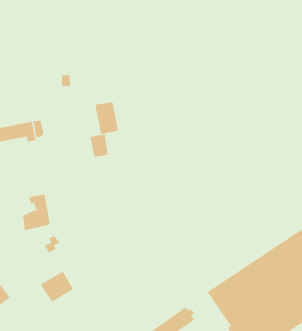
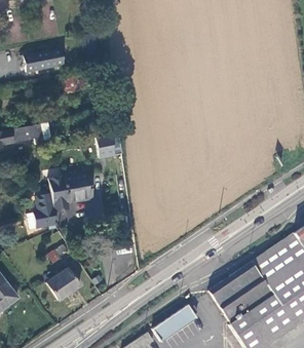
building: none -> [21,48,64,72]
building: [95,102,118,135] -> none
building: none -> [48,172,92,212]

